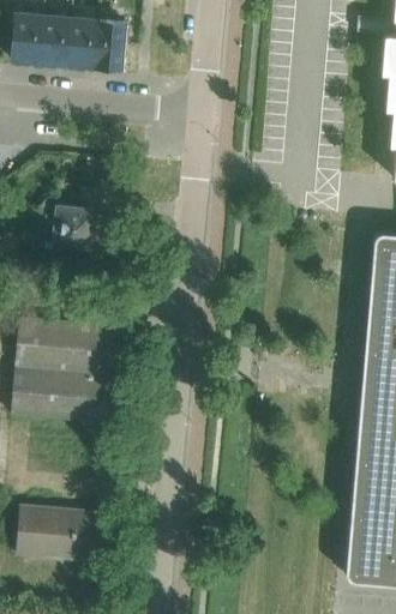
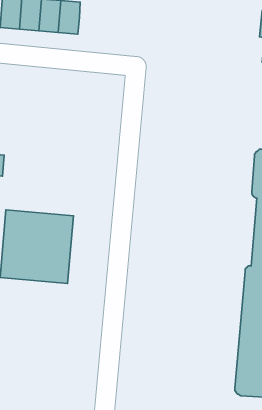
building: [37,197,95,248] -> none
building: [17,506,100,560] -> none

